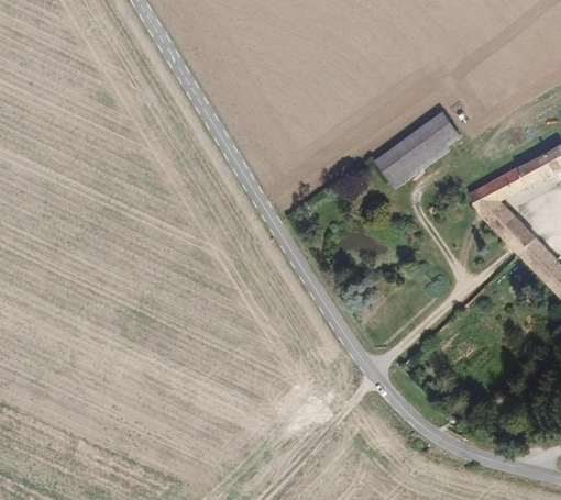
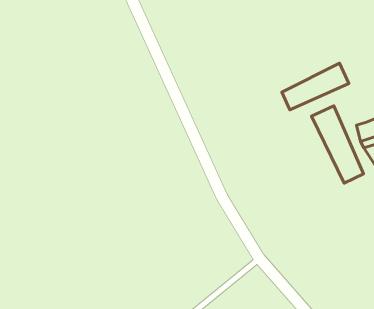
building: none -> [311,106,364,183]

